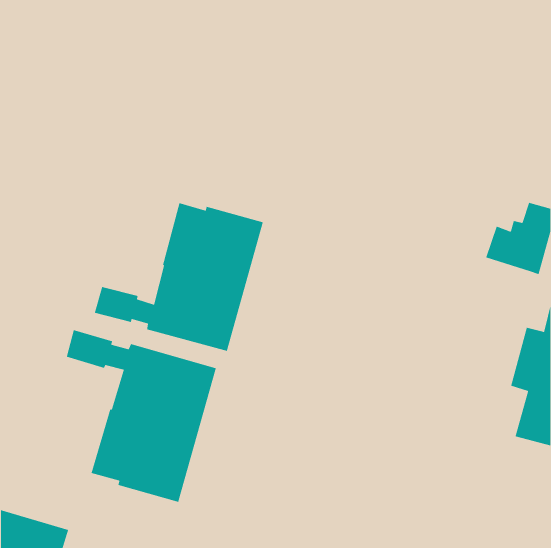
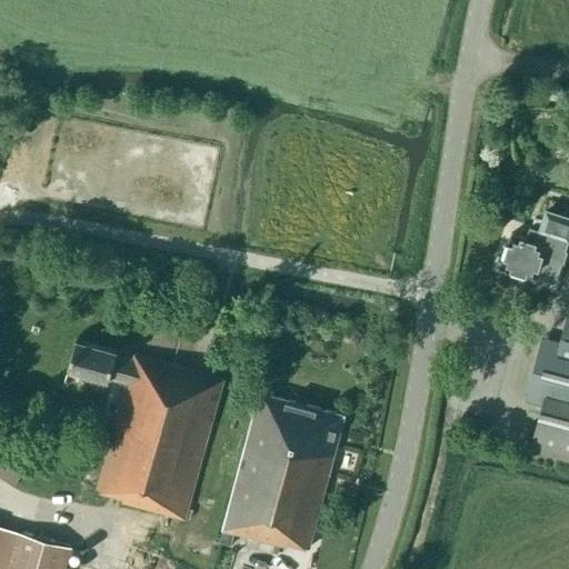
building: [94,202,264,352] -> none
building: none -> [220,395,345,550]

